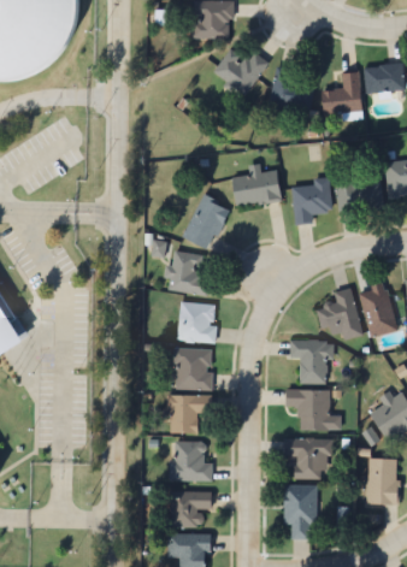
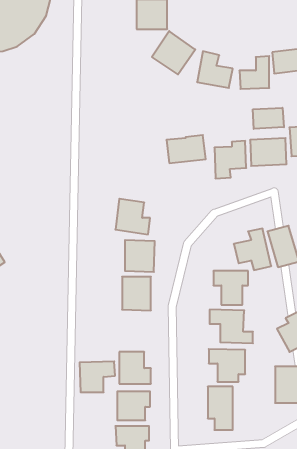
building: none -> [253,108,284,129]
building: [182,195,230,250] -> none
building: [167,395,212,433] -> [80,361,115,392]

